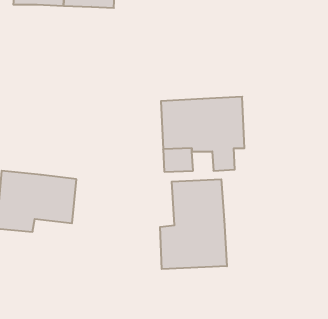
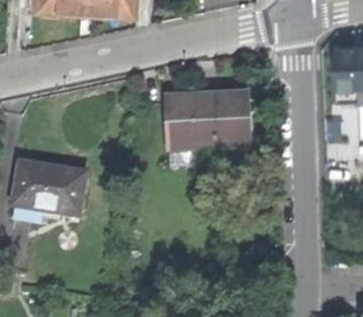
building: [160,179,227,269] -> none

